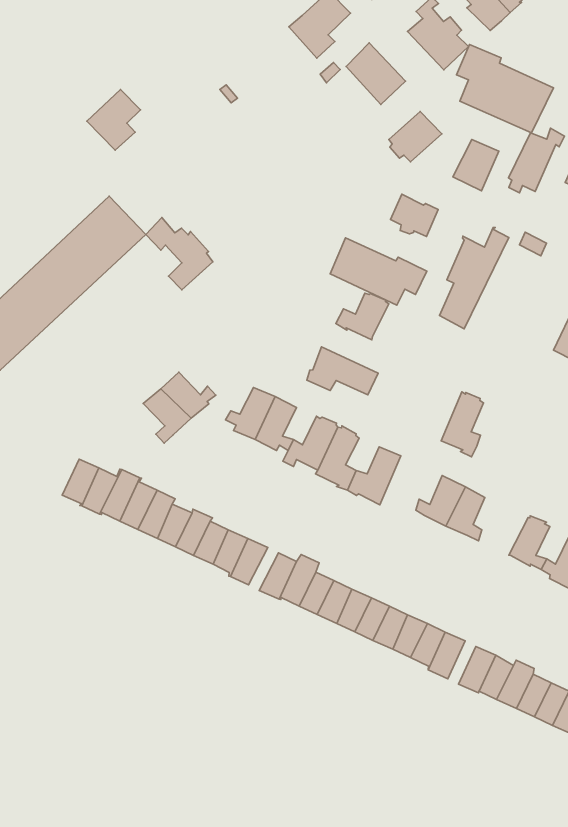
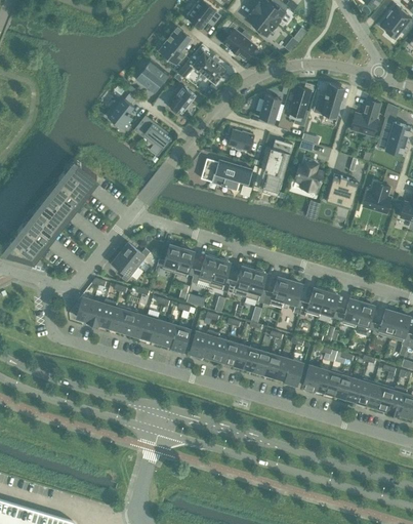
building: none -> [136,61,169,92]
building: [456,45,554,133] -> none
building: [87,90,140,150] -> [107,97,134,130]
building: [389,111,442,162] -> [168,86,196,114]
building: [146,218,213,290] -> [133,119,171,156]
building: none -> [293,160,322,192]
building: [336,293,389,340] -> none
building: [307,347,378,395] -> none
building: [441,392,483,457] -> [246,270,266,304]
building: none -> [299,287,326,317]

